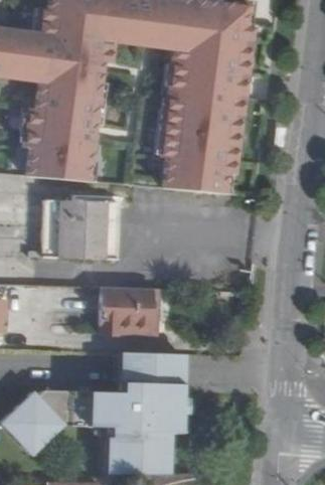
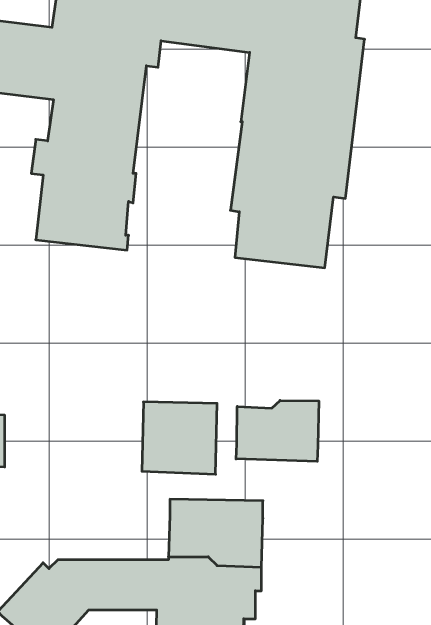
building: [30,195,120,260] -> none
building: none -> [236,400,319,461]

